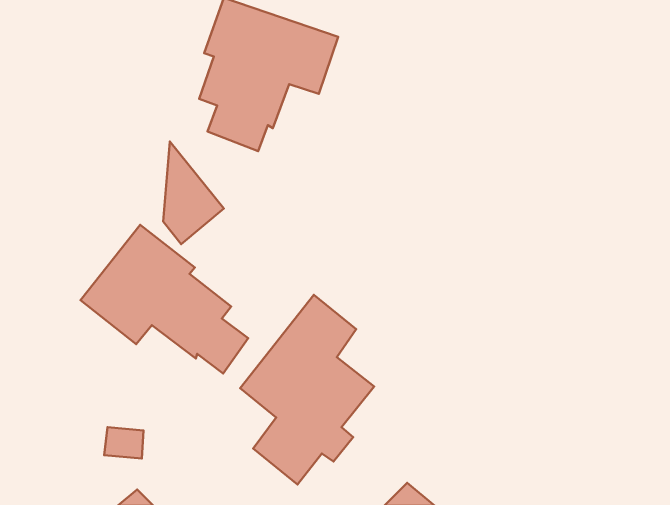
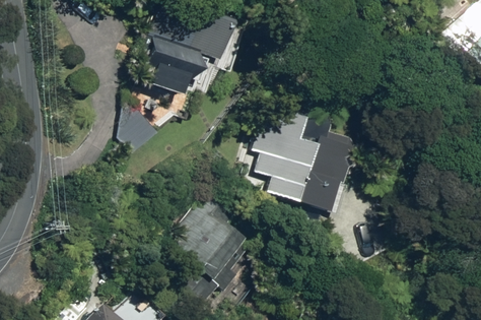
building: none -> [255,105,359,212]
building: [81,225,248,374] -> none

